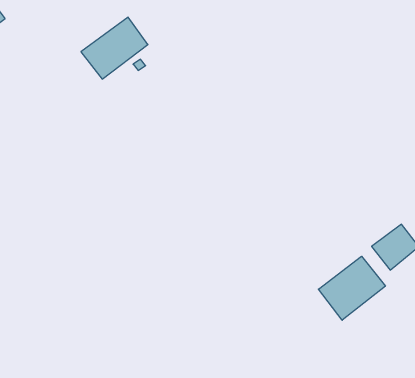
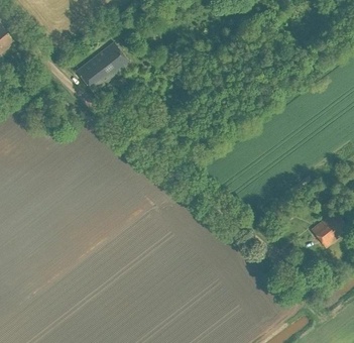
building: [318,256,385,320] -> none

